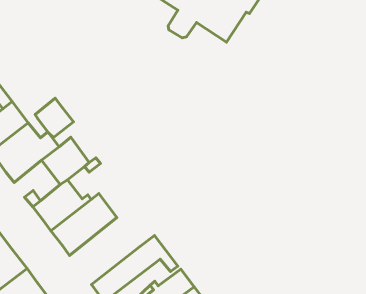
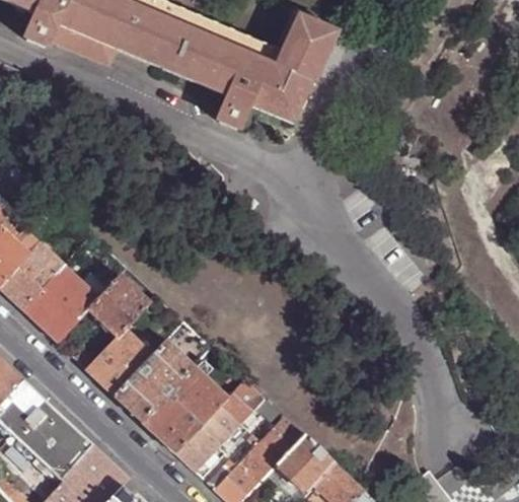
building: [35,98,74,138] -> none
building: none -> [142,365,227,453]

